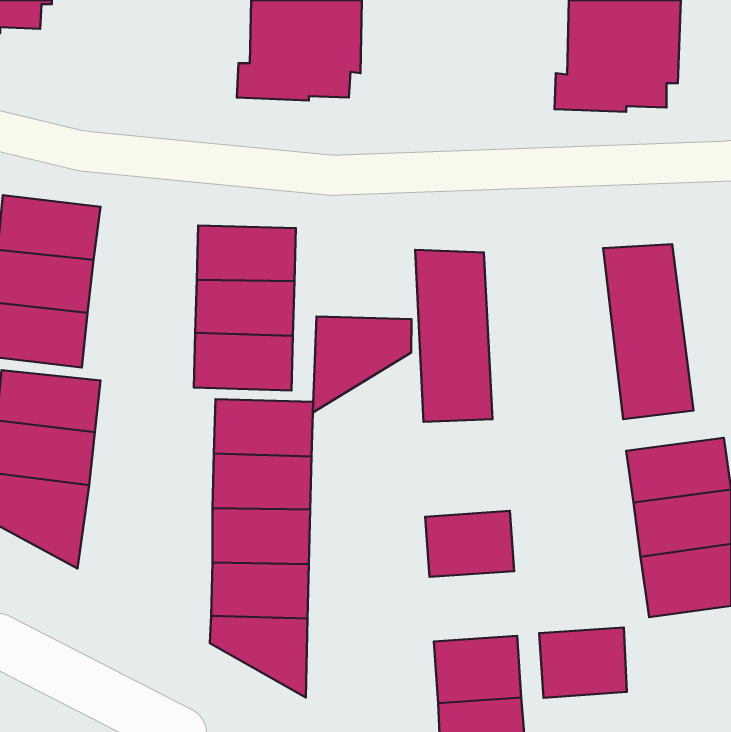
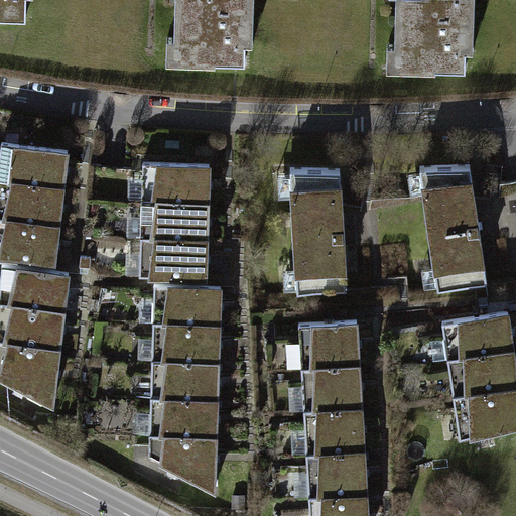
building: [313,316,412,413] -> none
building: none -> [295,315,358,364]
building: [539,627,627,698] -> [301,402,363,452]

